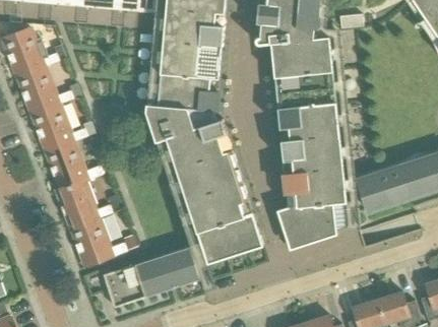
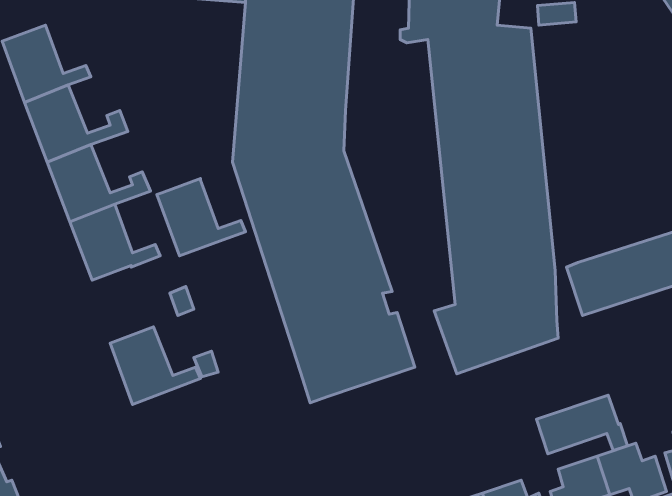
building: [56,180,112,228] -> [157,178,246,256]
building: [103,247,200,308] -> none
building: none -> [536,395,628,454]

